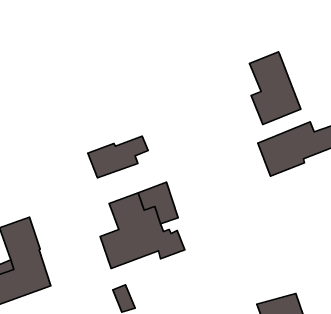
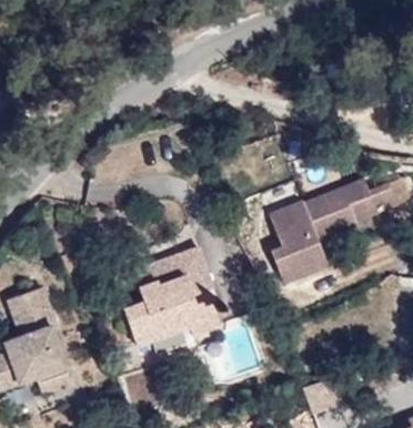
building: [249,52,301,125] -> [269,200,328,283]
building: [88,136,148,178] -> none

